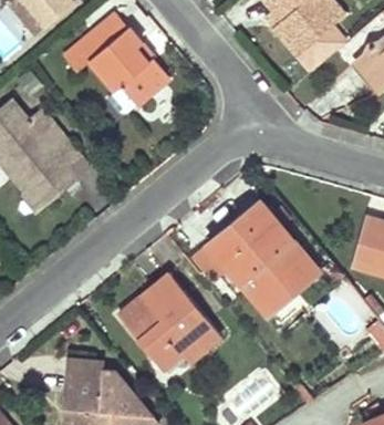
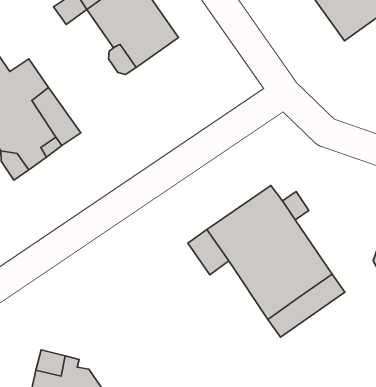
building: [116,272,219,369] -> none

